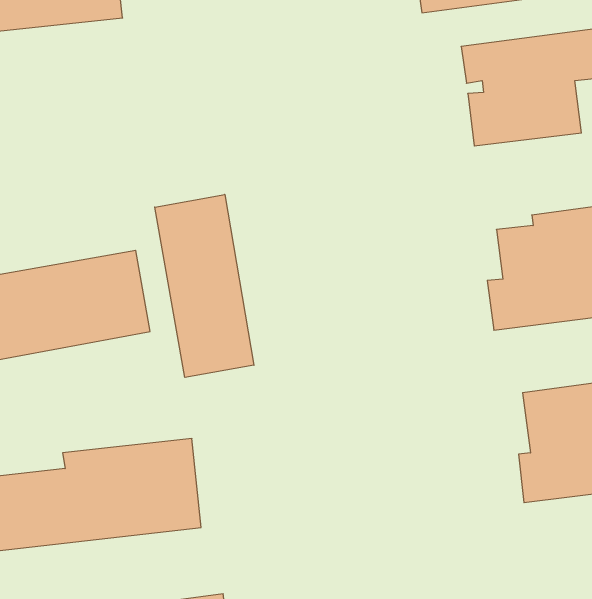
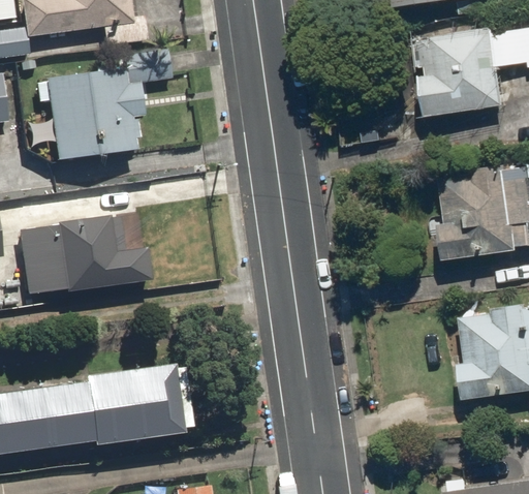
building: none -> [49,65,152,157]
building: [155,194,254,377] -> none

